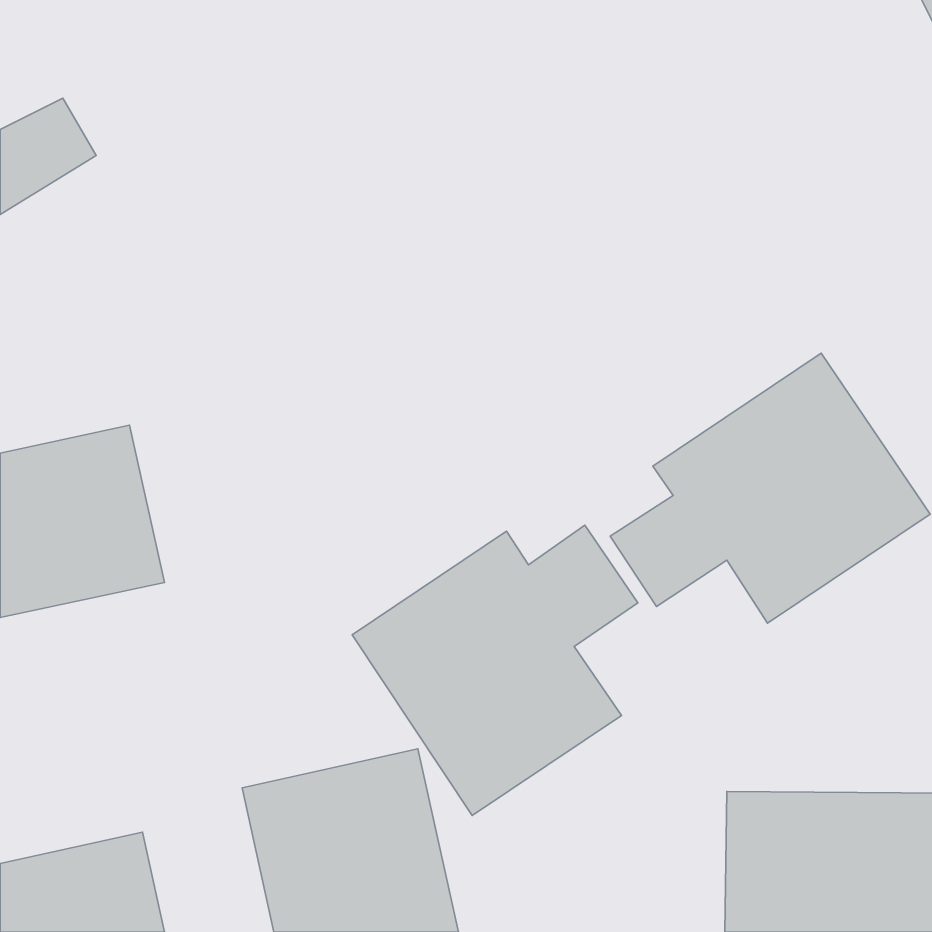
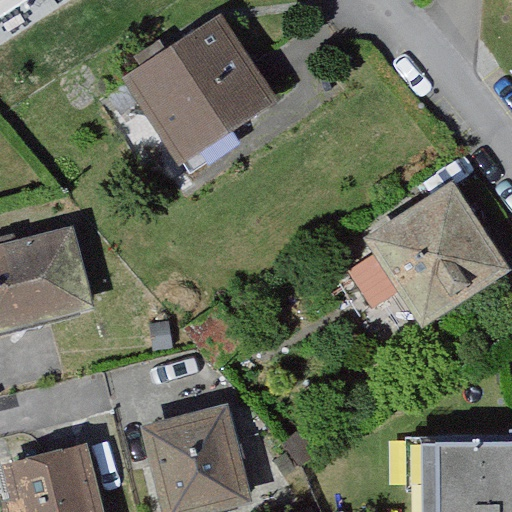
building: none -> [113,7,279,167]
building: [352,525,638,816] -> none

